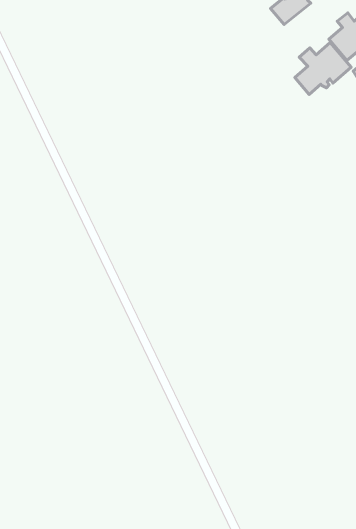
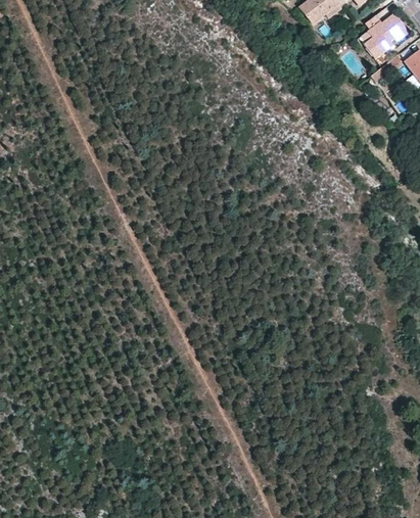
building: [295,43,351,95] -> none

